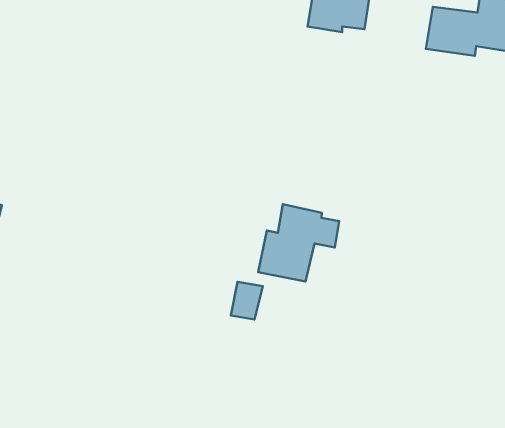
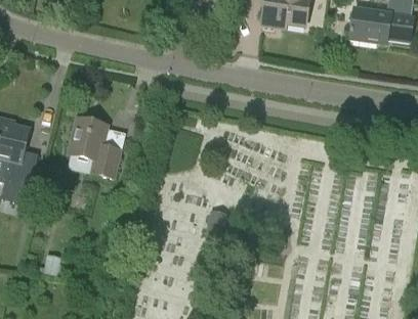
building: none -> [68,119,120,179]
building: [258,204,339,281] -> none

